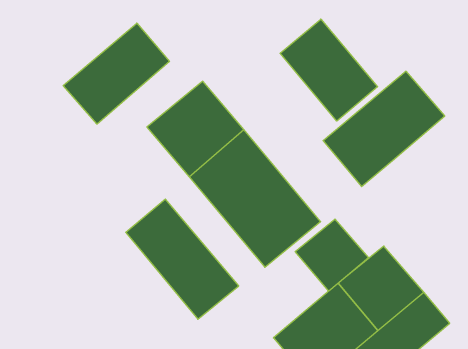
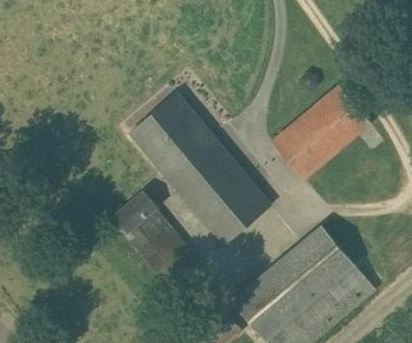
building: [280,19,378,121] -> none
building: [63,23,169,124] -> none
building: [295,219,369,291] -> none

